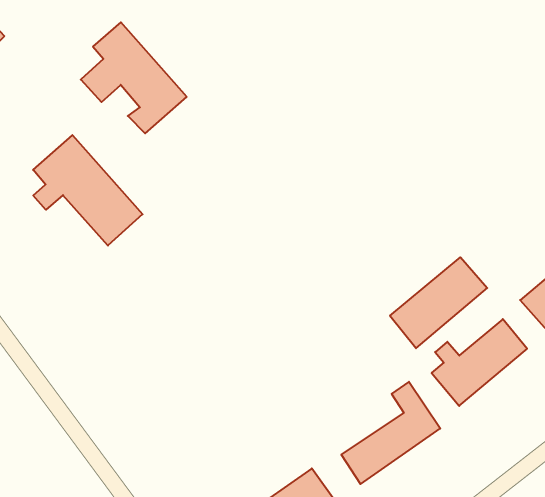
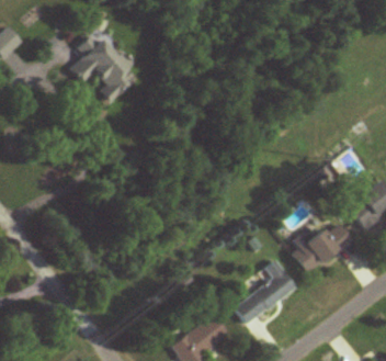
building: [33,135,143,246] -> none
building: [390,257,487,348] -> none

